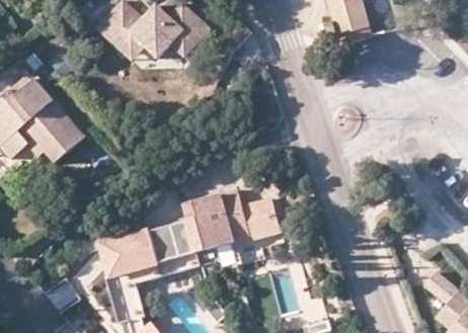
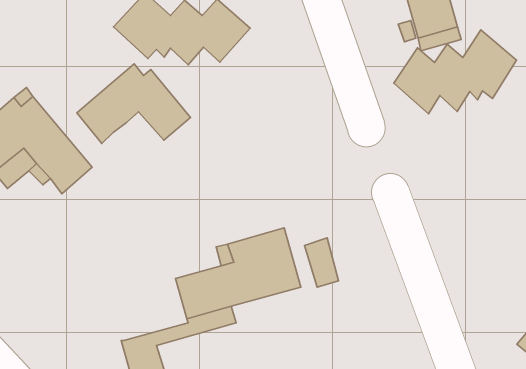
building: none -> [394,30,516,114]
building: none -> [77,64,191,143]
building: [95,227,157,279] -> none

